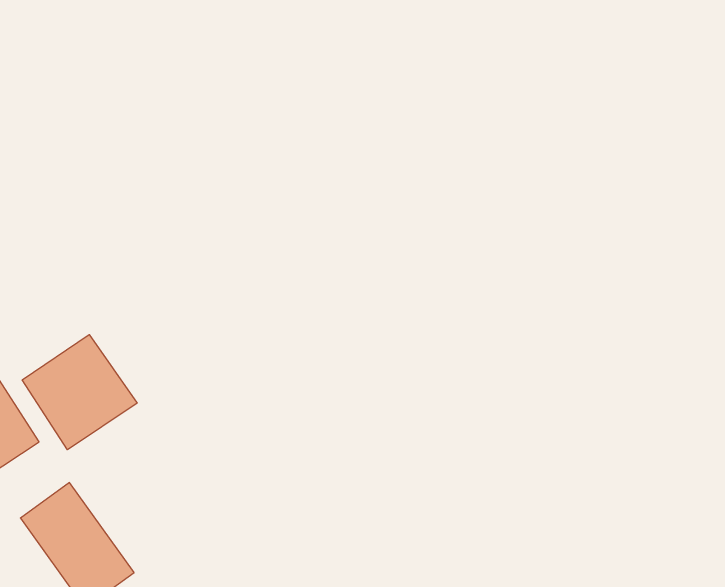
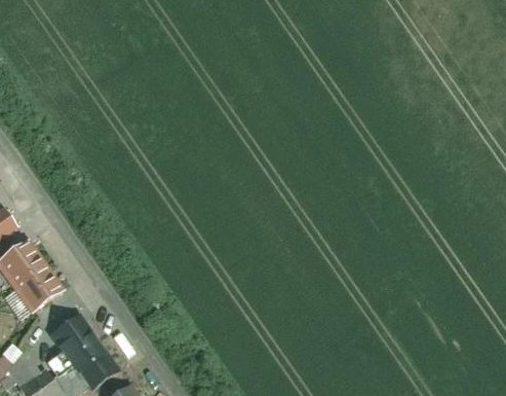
building: [22,335,137,450] -> none

